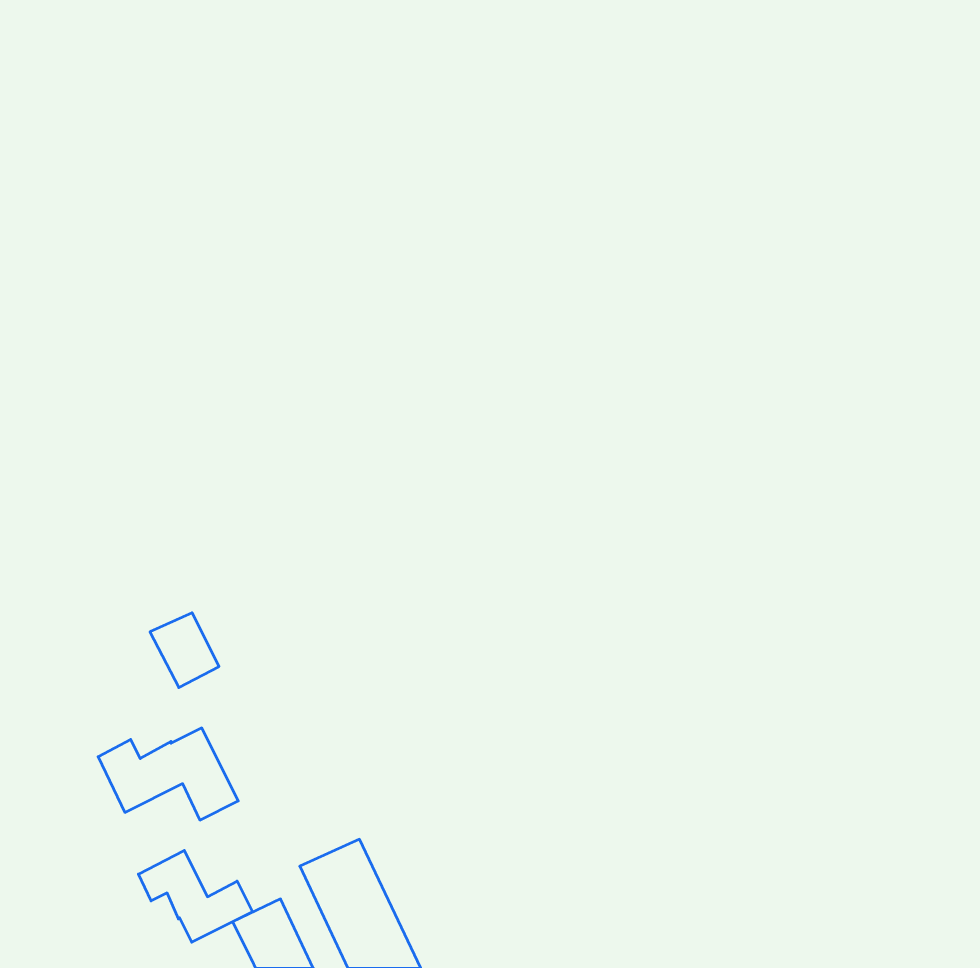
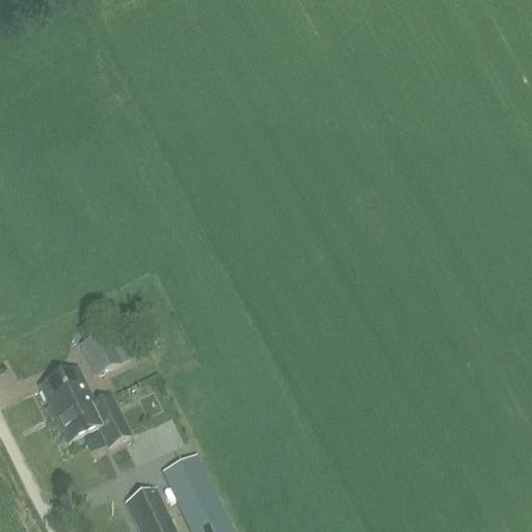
building: none -> [41,367,92,410]
building: [138,850,253,942] -> none

